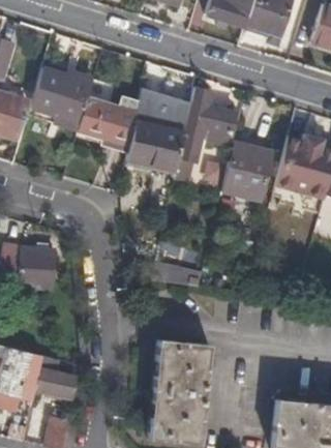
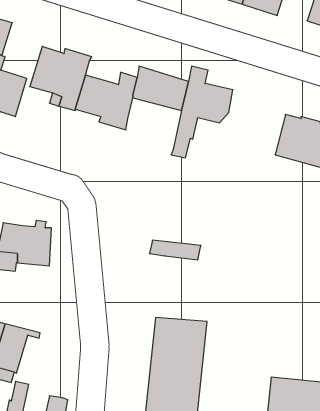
building: [126,119,183,171] -> none
building: [221,141,271,200] -> none
building: [34,355,73,397] -> none

